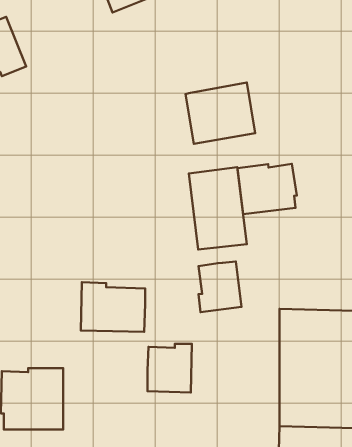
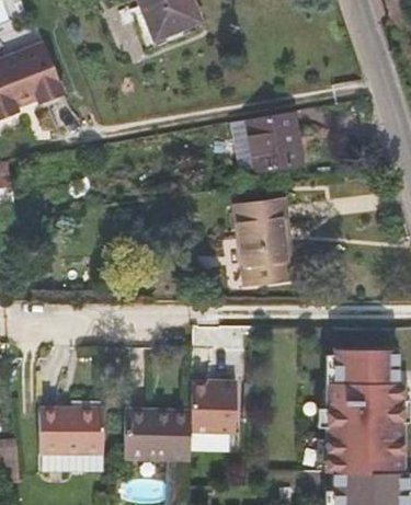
building: [237,164,297,214] -> none
building: [198,262,242,312] -> none
building: [81,282,145,332] -> [124,408,191,459]

